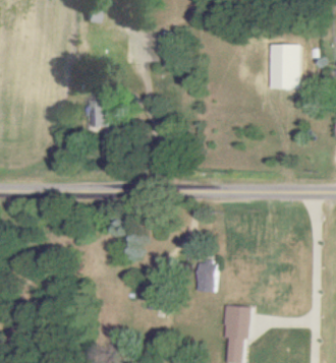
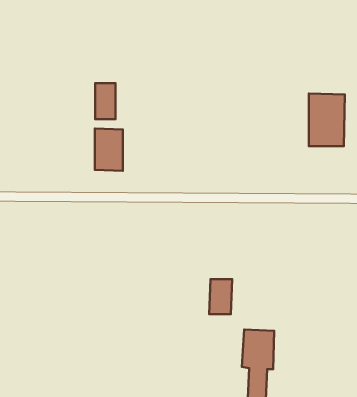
building: [266,43,296,87] -> [309,93,345,146]
building: none -> [95,129,123,171]

